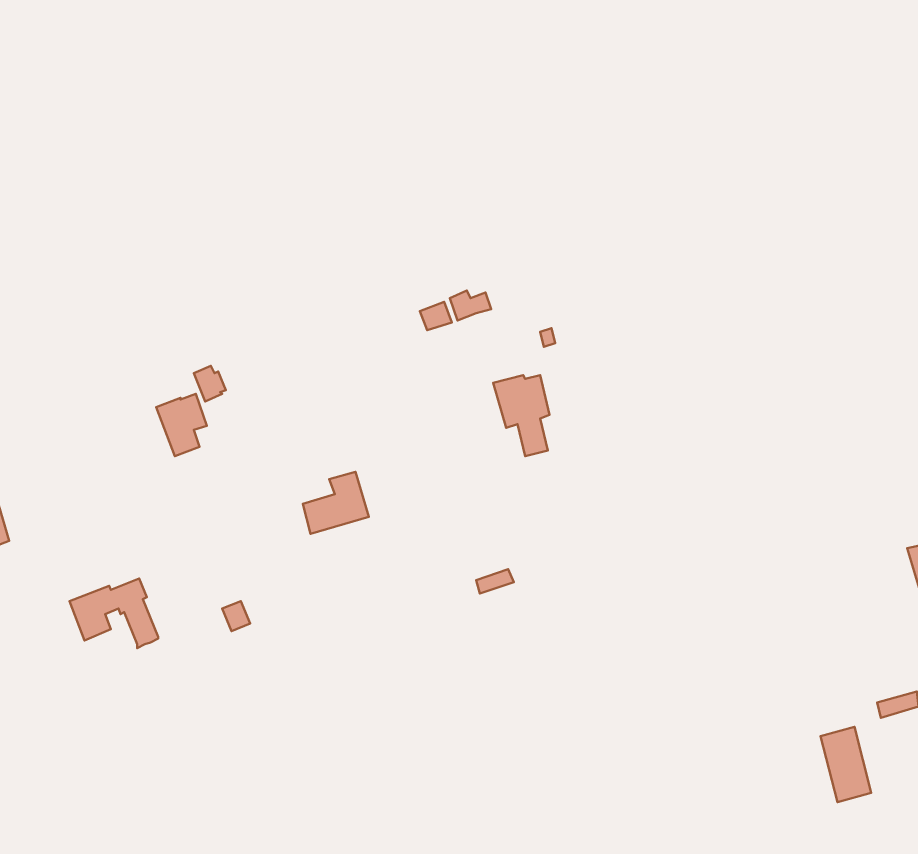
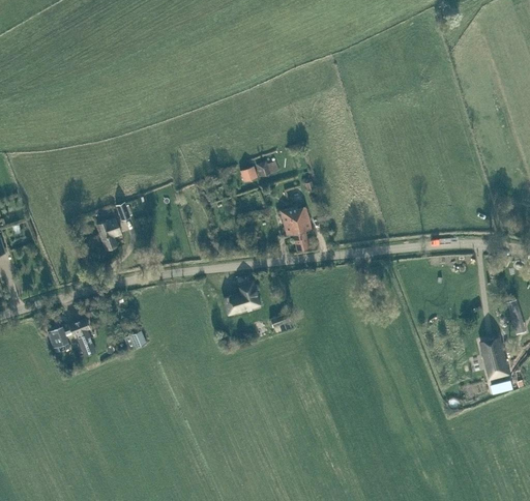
building: [303,472,369,534] -> [224,281,260,315]
building: [820,727,871,802] -> [480,337,508,379]

